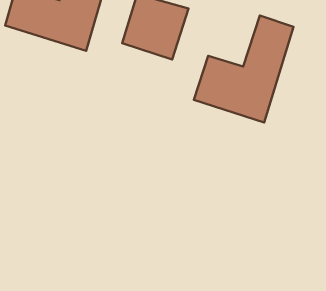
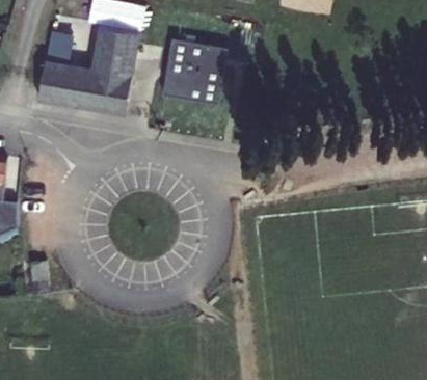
building: [194,16,294,123] -> none

